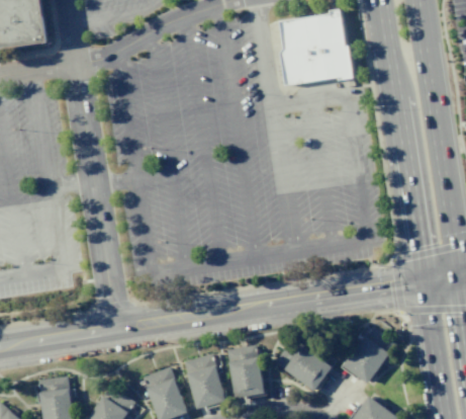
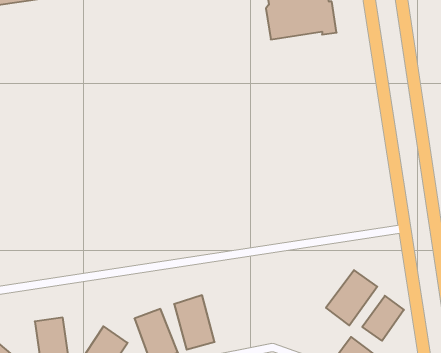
building: [275,339,332,392] -> none
building: [226,345,265,399] -> none
building: none -> [362,296,404,341]

